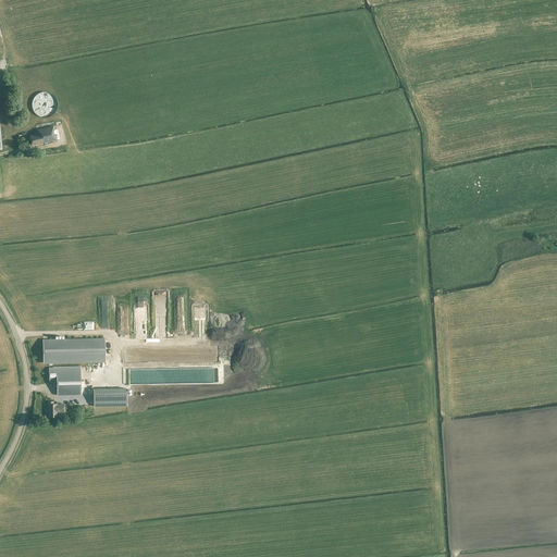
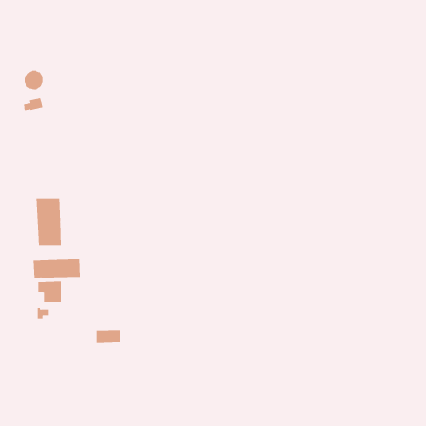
building: none -> [36,198,62,246]
building: [94,388,126,406] -> [96,330,121,343]

